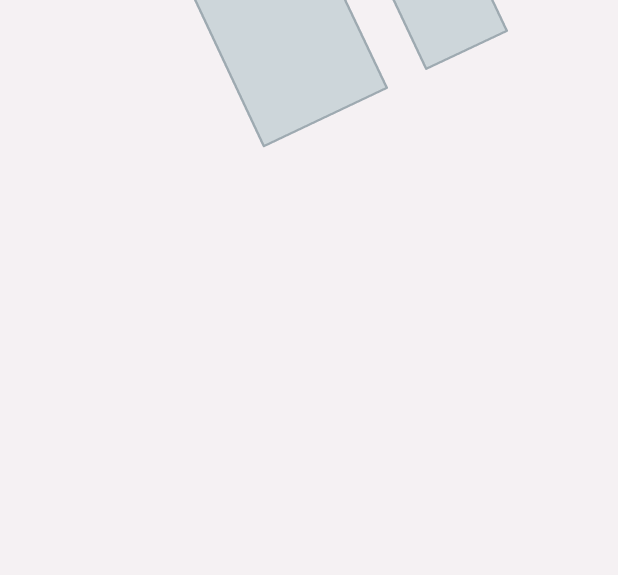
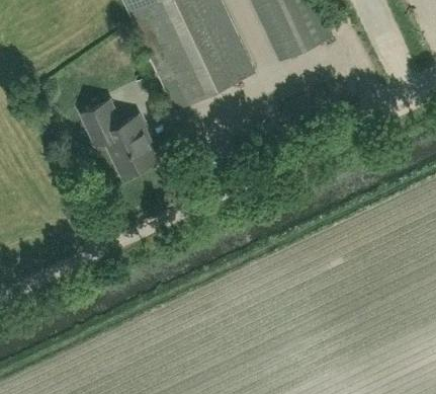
building: none -> [82,102,156,176]

